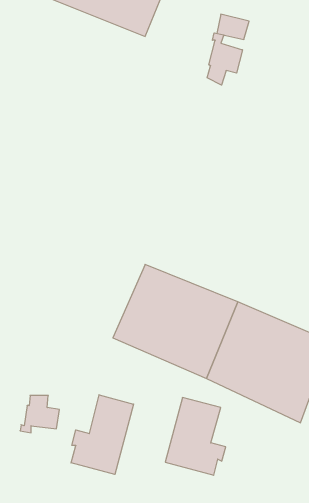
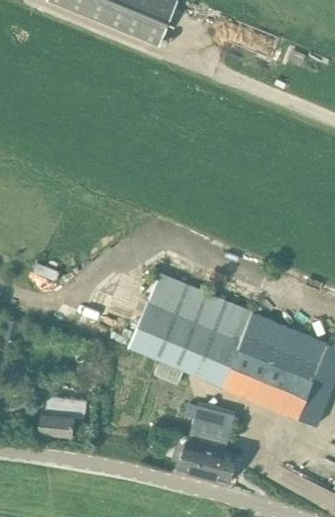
building: [207,33,242,85] -> none
building: [71,395,134,474] -> none

